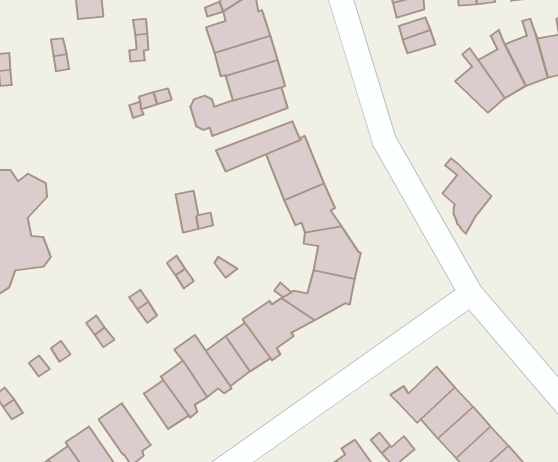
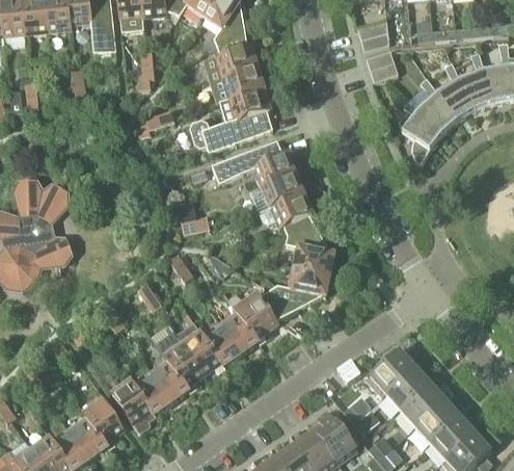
building: [443,158,491,234] -> [401,100,442,164]
building: none -> [133,371,170,413]

